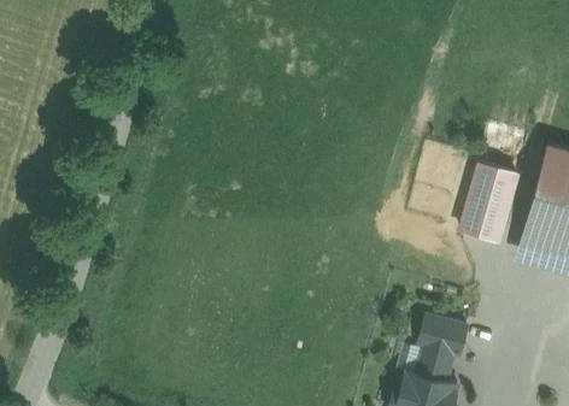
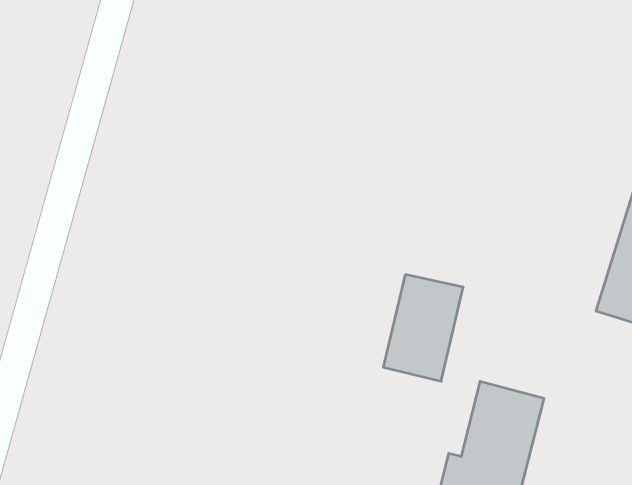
building: [459,161,521,243] -> [383,275,463,381]

